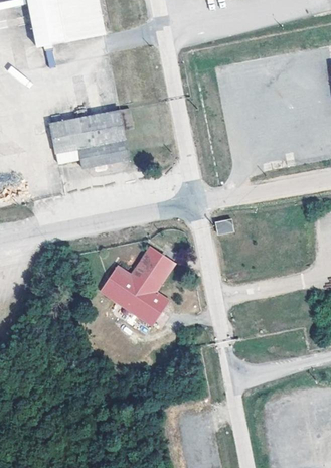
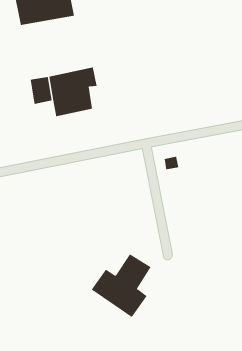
building: [100,245,175,325] -> [91,253,151,318]

